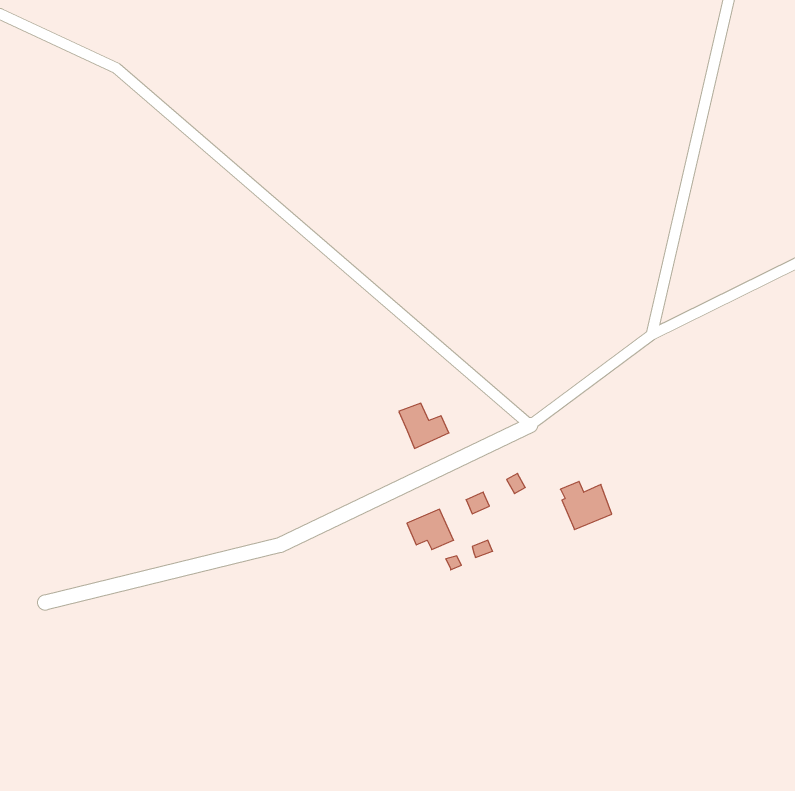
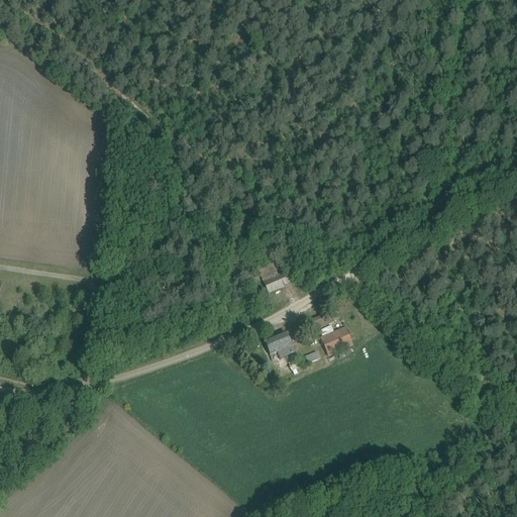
building: [560,481,612,530] -> [320,323,353,354]

